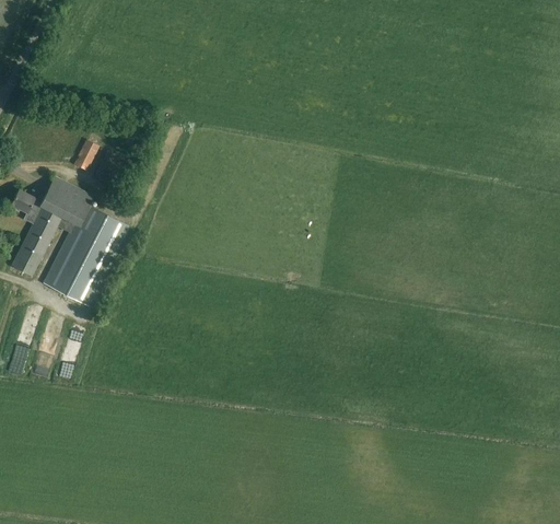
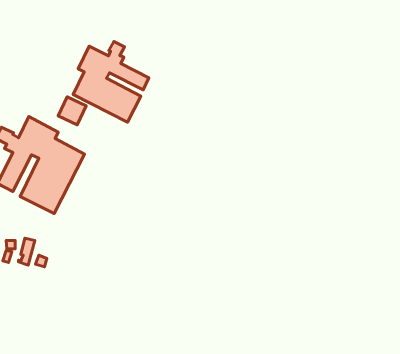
building: none -> [73,42,149,122]
building: [70,138,96,170] -> none

